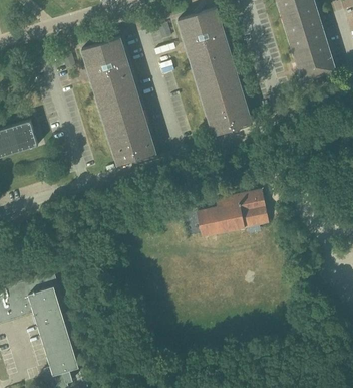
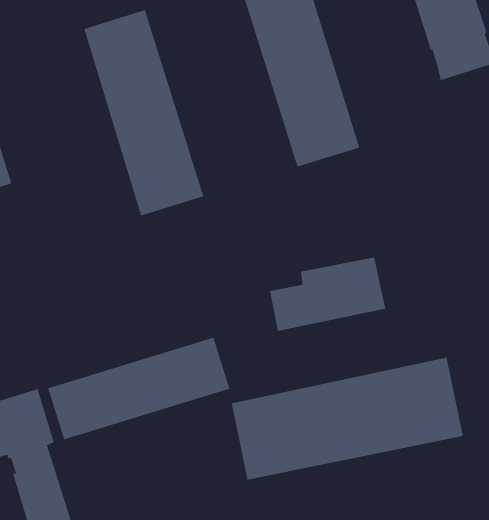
building: none -> [48,337,230,440]
building: none -> [231,357,464,481]

